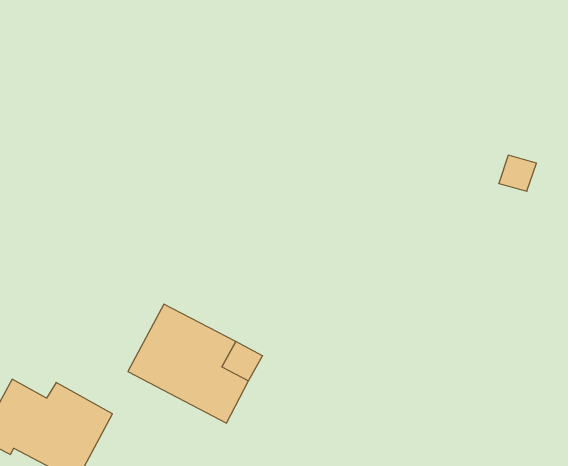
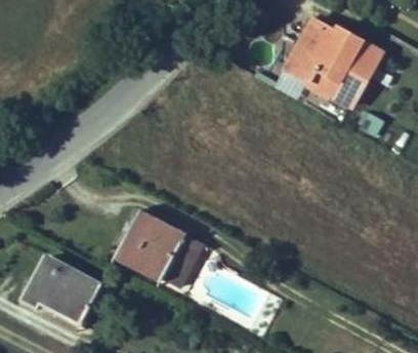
building: none -> [286,22,380,104]

